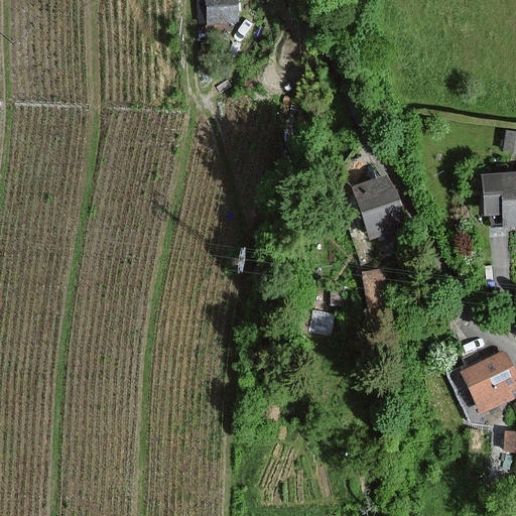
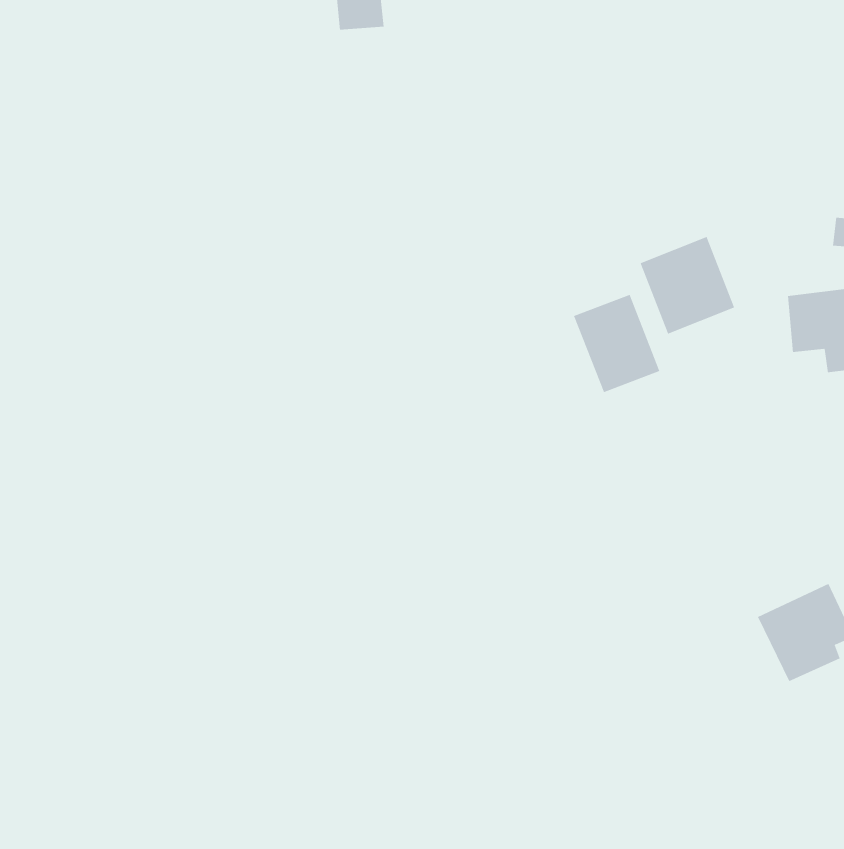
building: none -> [640,236,735,335]

